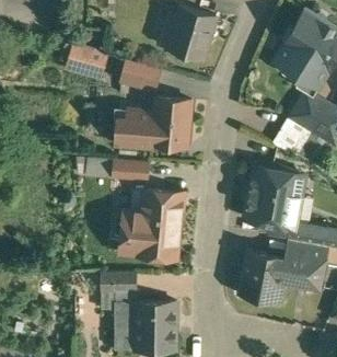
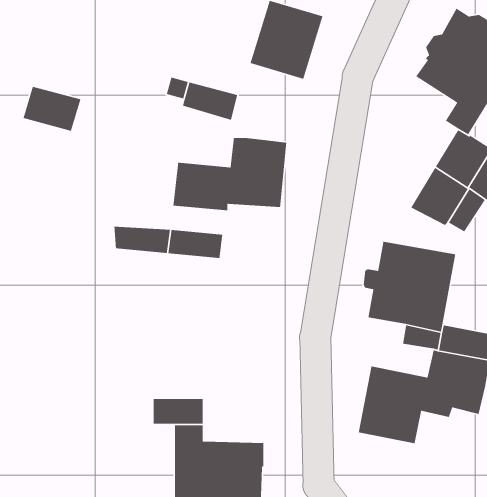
building: [68,46,107,77] -> [22,86,81,132]
building: [121,188,186,257] -> none

